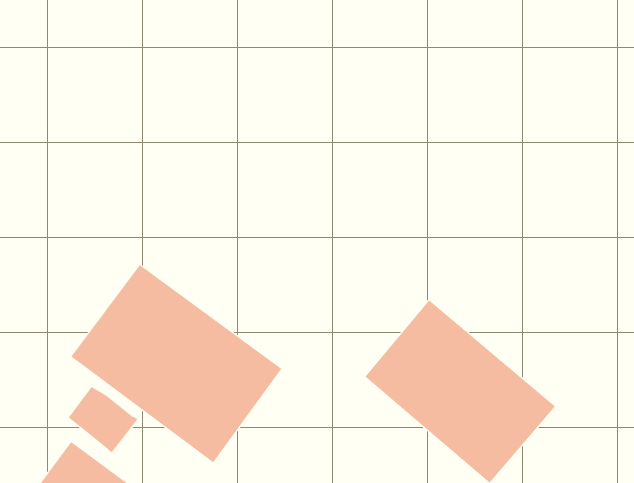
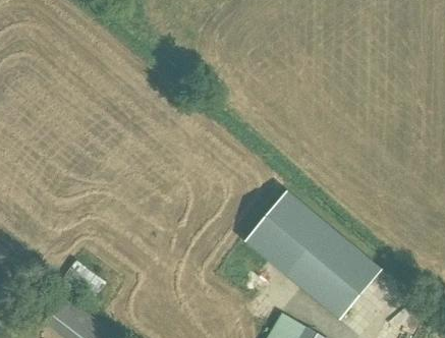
building: [71,264,282,463] -> none

